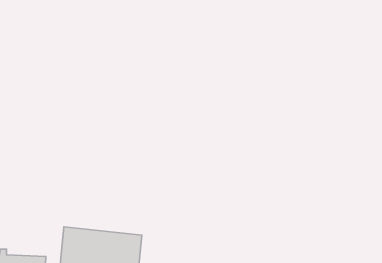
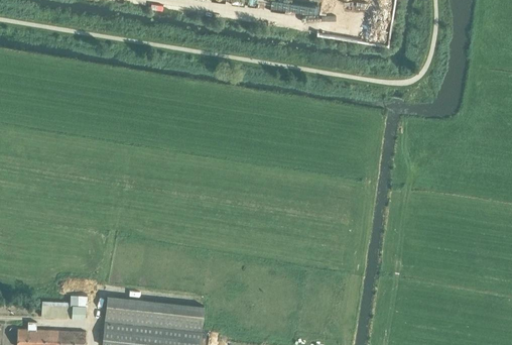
building: none -> [41,296,87,319]

